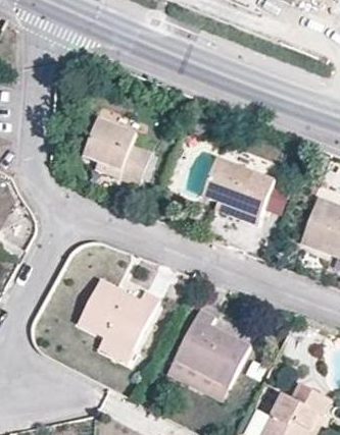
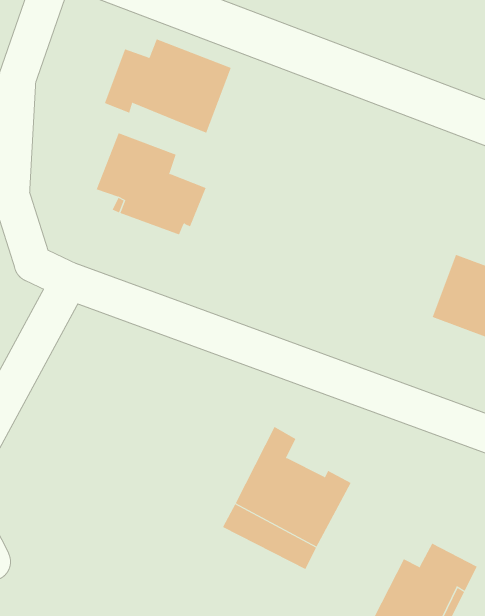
building: none -> [104,39,232,133]
building: [203,158,275,224] -> none
building: [78,279,158,362] -> none

